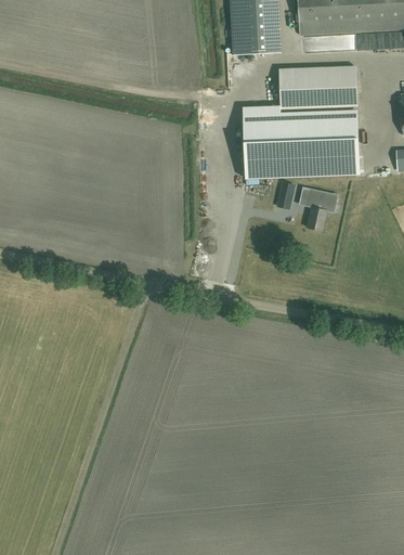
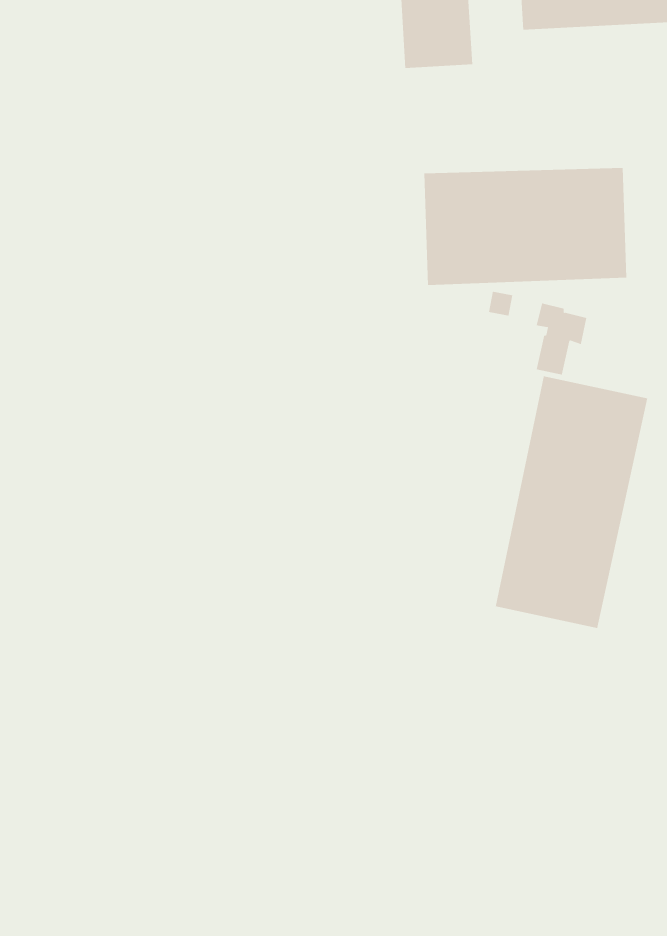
building: [278,67,356,108] -> none
building: none -> [495,376,648,629]

